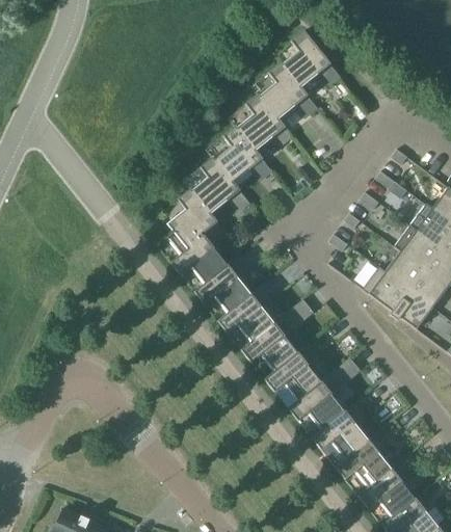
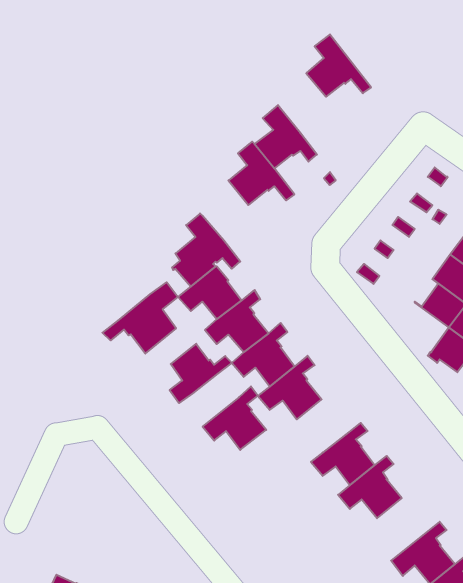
building: [261,62,319,118] -> none
building: [192,157,250,213] -> none
building: none -> [102,282,178,354]
building: [363,268,409,312] -> none
building: none -> [170,344,232,403]
building: [265,344,321,400] -> [203,386,266,450]
building: [335,432,391,487] -> none

